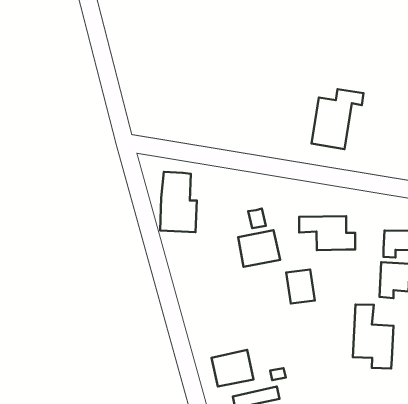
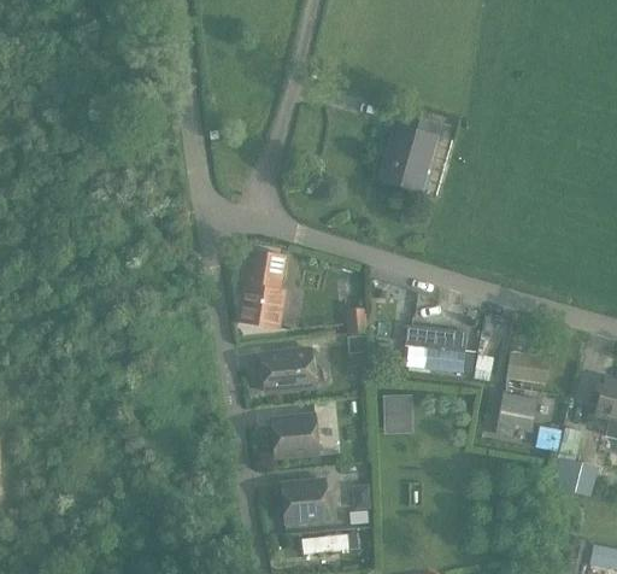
building: [311,89,363,149] -> [380,117,451,192]
building: [238,230,280,267] -> [262,351,310,392]
building: none -> [271,416,319,457]
building: [353,304,394,369] -> none

